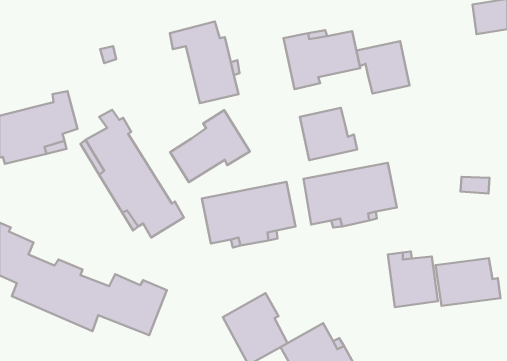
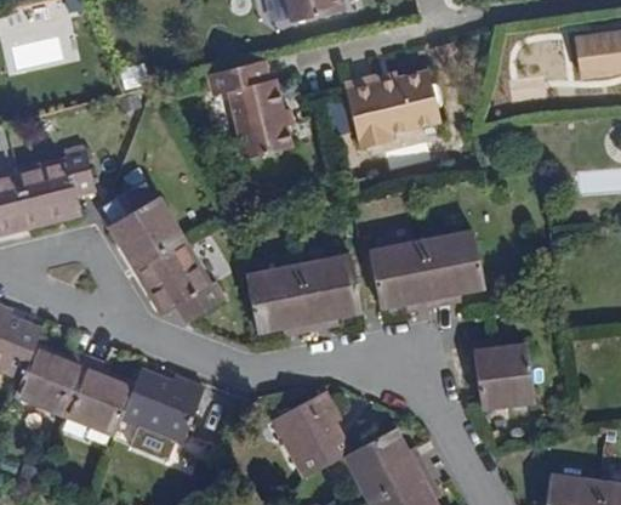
building: [357,41,409,94] -> none
building: [300,108,357,160] -> none
building: [170,110,250,182] -> none
building: [435,258,500,306] -> none

